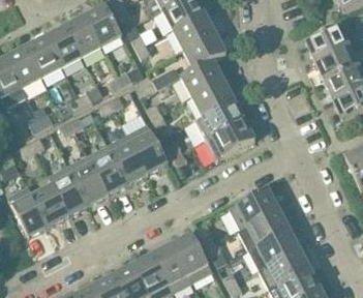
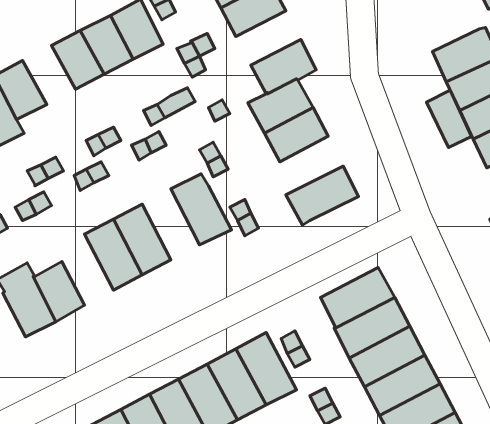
building: [172,12,216,50] -> none
building: [26,36,62,77] -> none
building: none -> [426,90,471,147]
building: [195,98,245,139] -> none
building: [108,135,147,183] -> none
building: [49,166,88,214] -> none

